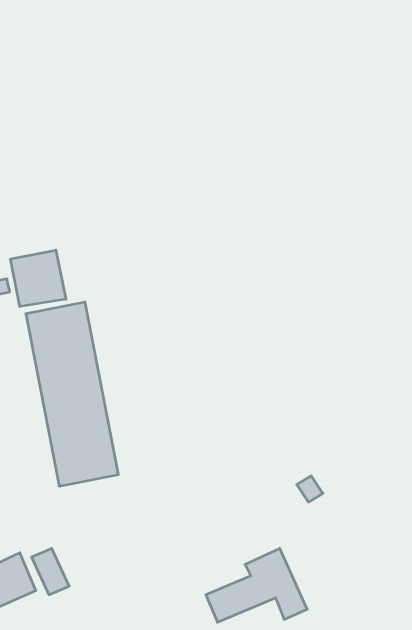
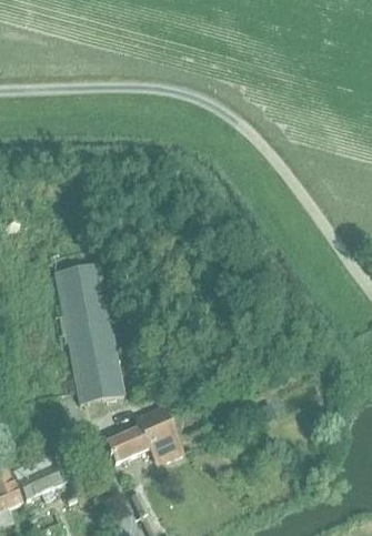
building: [11,250,66,307] -> none
building: [206,548,307,622] -> [105,406,183,463]

